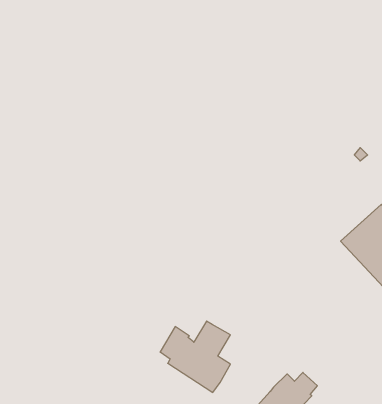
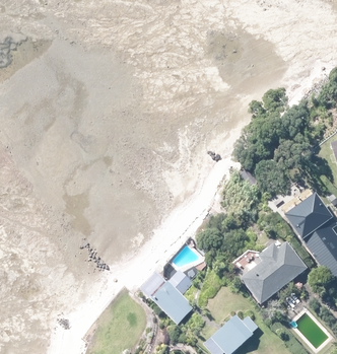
building: none -> [238,240,306,303]

